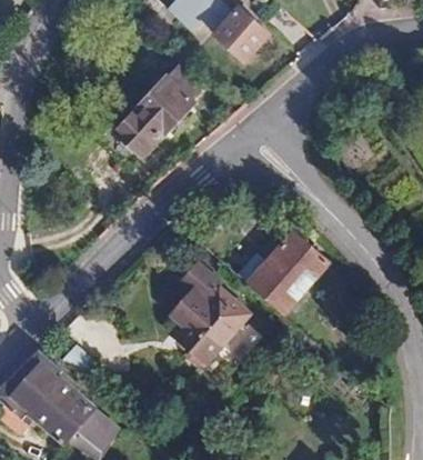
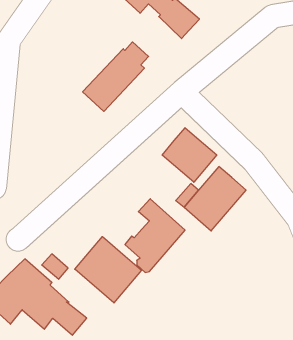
building: none -> [162,128,217,182]
building: none -> [75,237,141,303]

